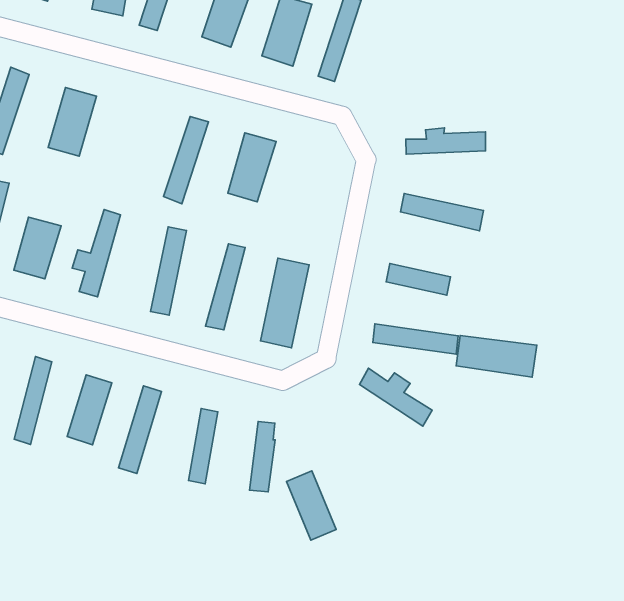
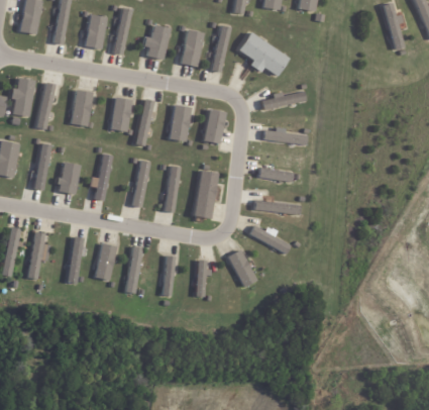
building: none -> [236,32,288,77]
building: none -> [109,98,129,131]
building: none -> [203,109,223,143]
building: [456,336,537,377] -> none
building: [287,471,336,540] -> [226,249,255,287]

